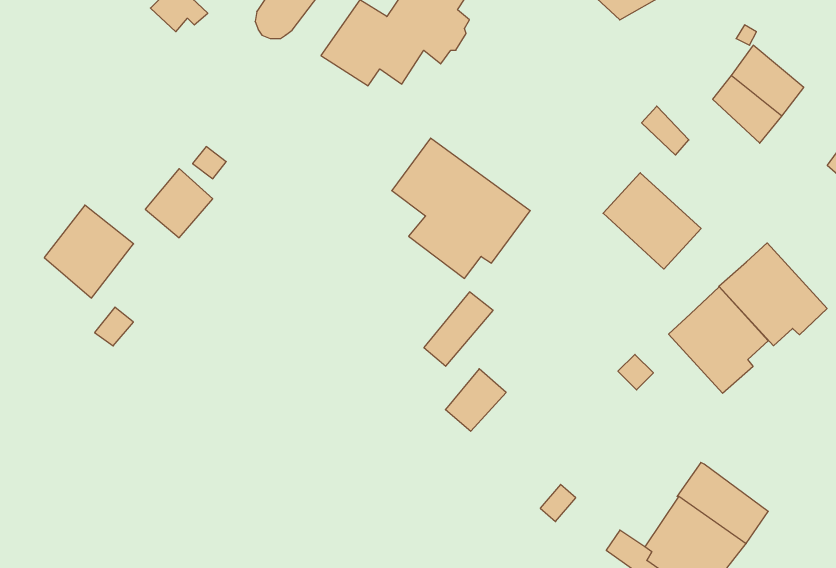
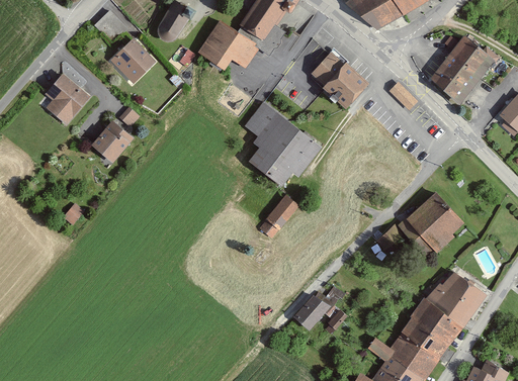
building: none -> [455,33,497,71]
building: none -> [111,38,156,83]
building: [603,173,701,269] -> [309,49,367,106]
building: [44,205,134,298] -> [37,73,91,128]
building: [719,243,827,346] -> none
building: [445,369,506,431] -> [293,292,330,329]
building: none -> [426,270,488,324]

